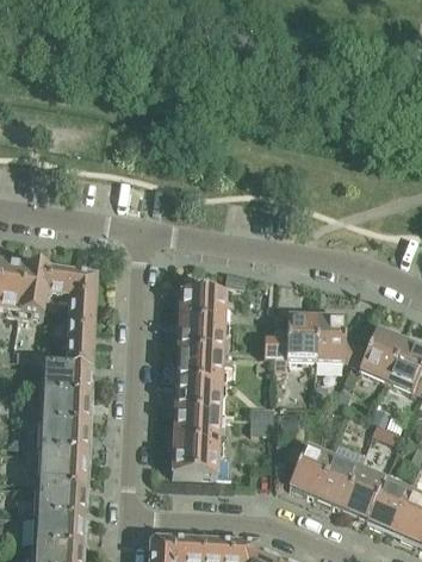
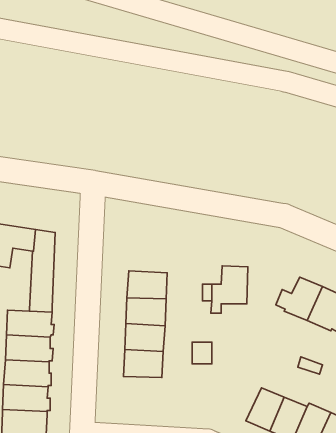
building: [180,291,225,324] -> none
building: [316,317,356,361] -> none
building: [173,443,218,475] -> none
building: [288,443,333,494] -> none

